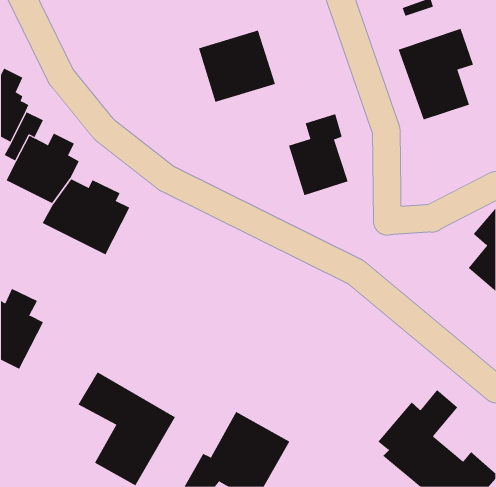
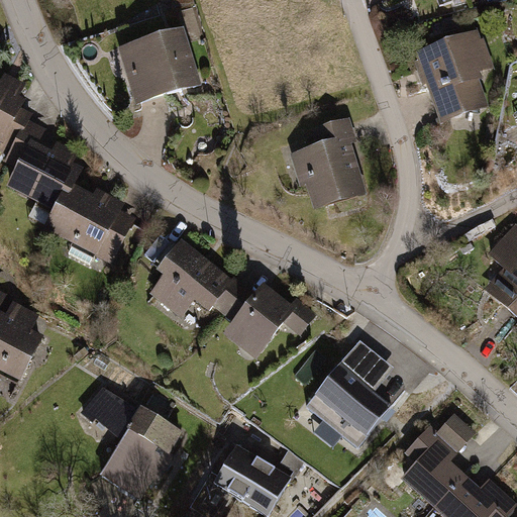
building: [198,30,276,103] -> [118,27,199,103]
building: none -> [148,238,319,361]
building: none -> [302,338,394,451]

